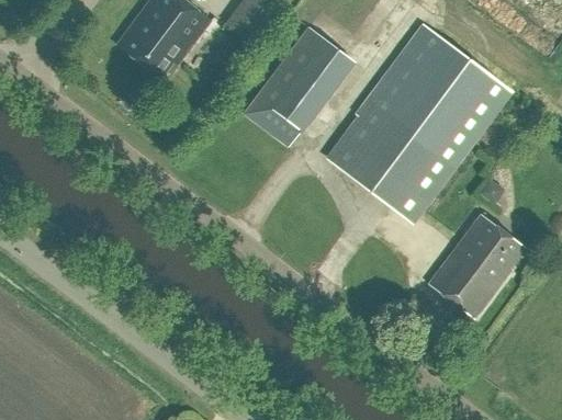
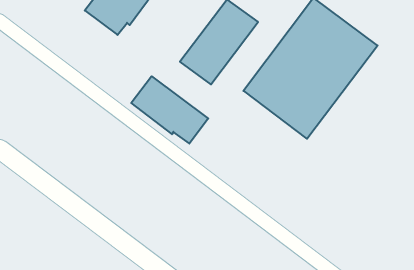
building: none -> [131,76,208,144]
building: [429,216,524,318] -> none

